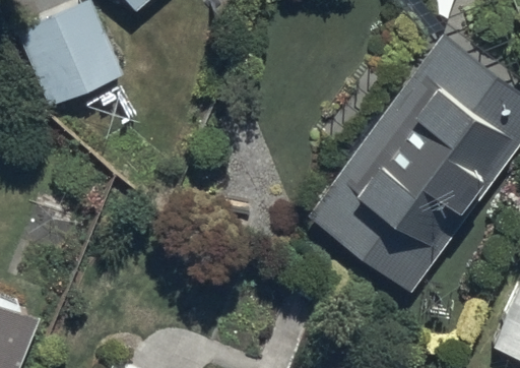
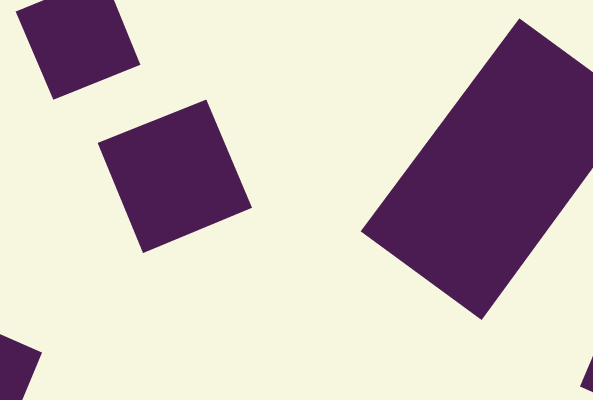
building: none -> [96,98,253,254]

